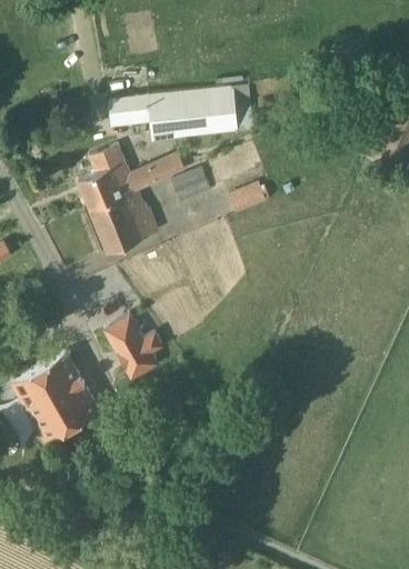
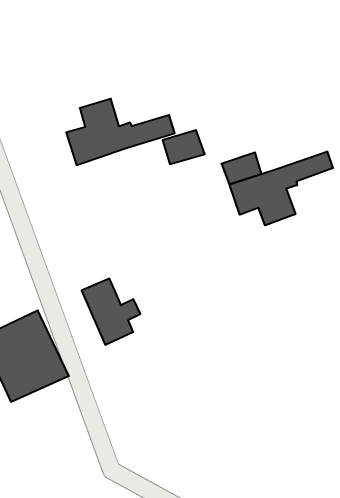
building: [109,91,237,138] -> none
building: none -> [229,151,333,225]
building: [90,188,158,250] -> none

